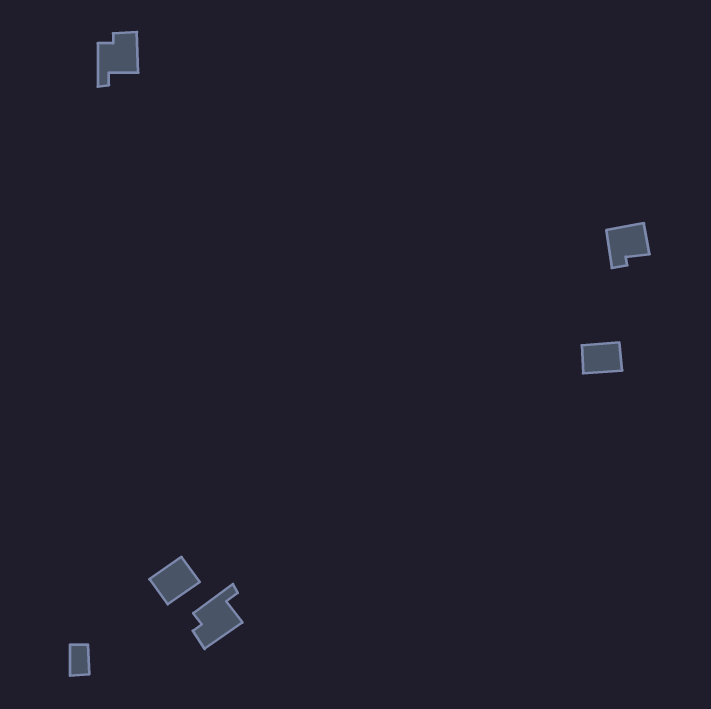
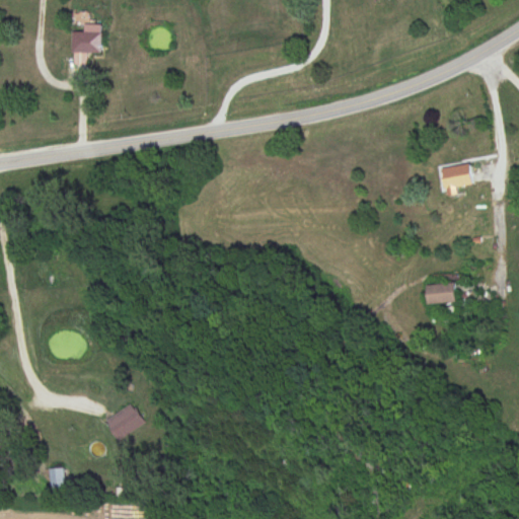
building: [582,343,622,373] -> [425,282,454,304]
building: [193,584,242,649] -> none

